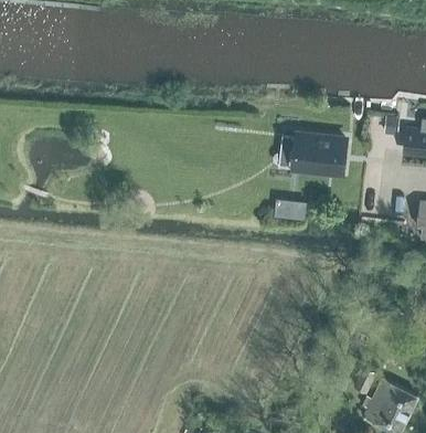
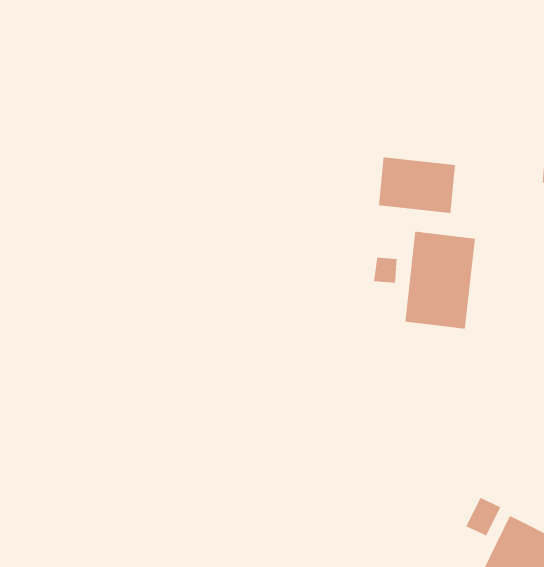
building: none -> [405,231,475,330]

